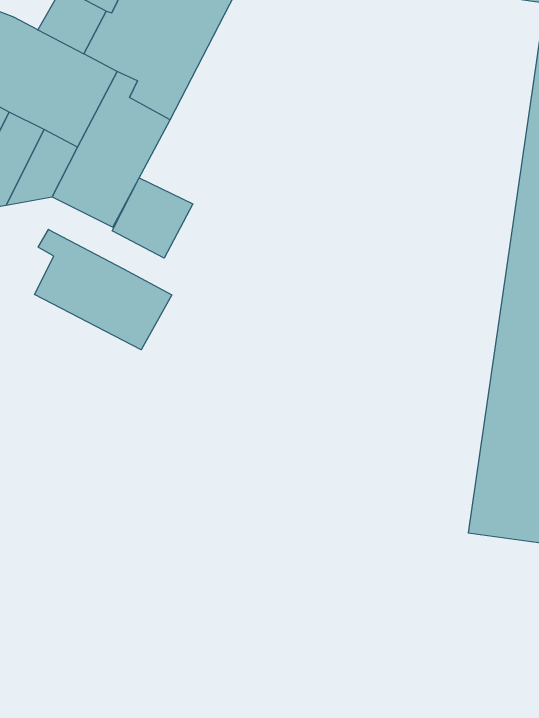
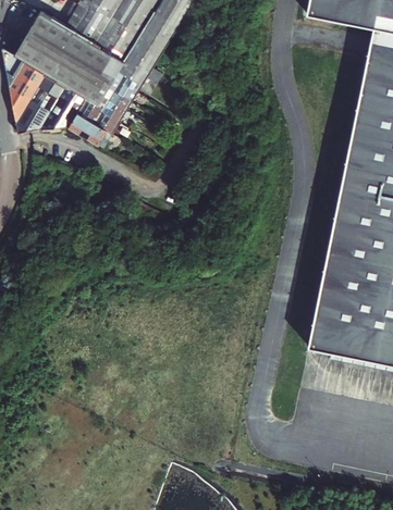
building: [112,178,193,258] -> none
building: [35,229,172,350] -> none

